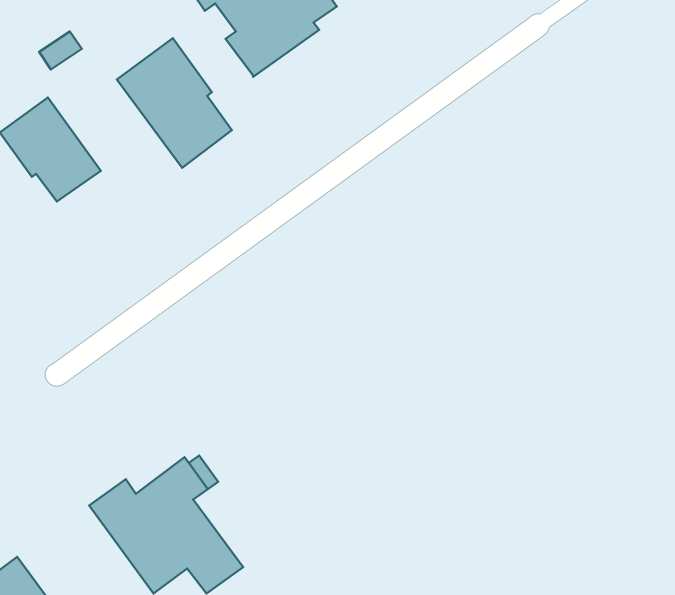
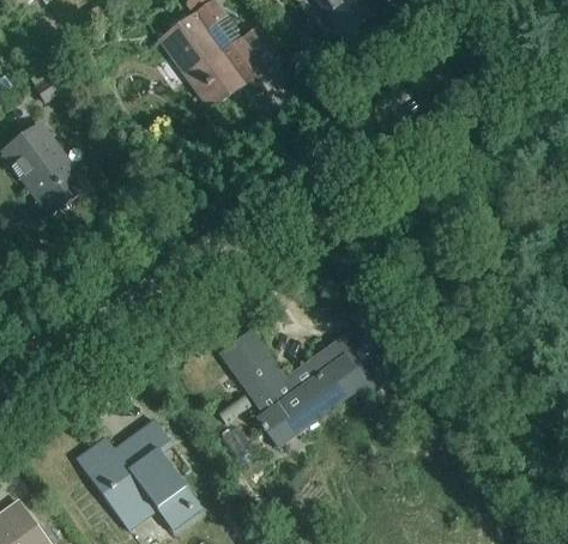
building: [117,38,232,168] -> none
building: none -> [220,327,393,445]

